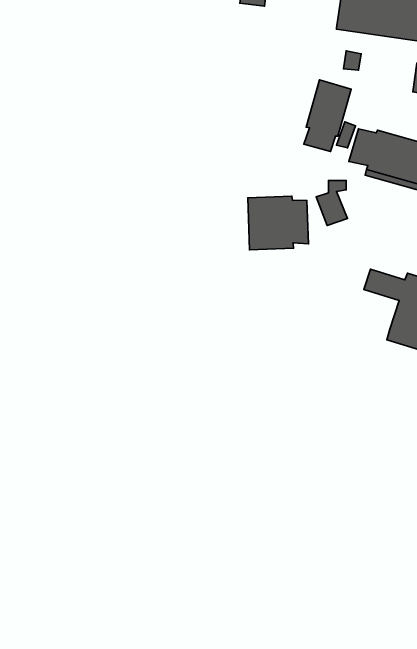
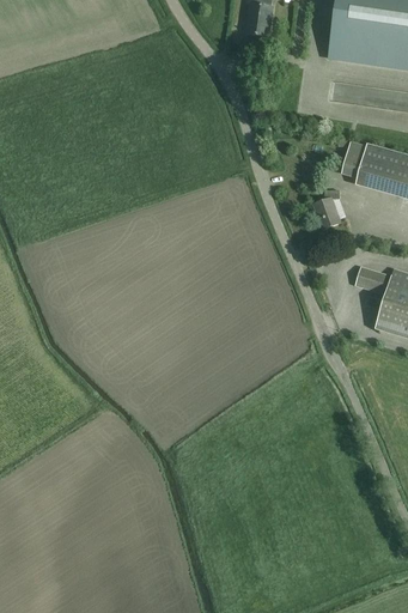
building: [304,80,351,151] -> none
building: [248,196,309,250] -> none

